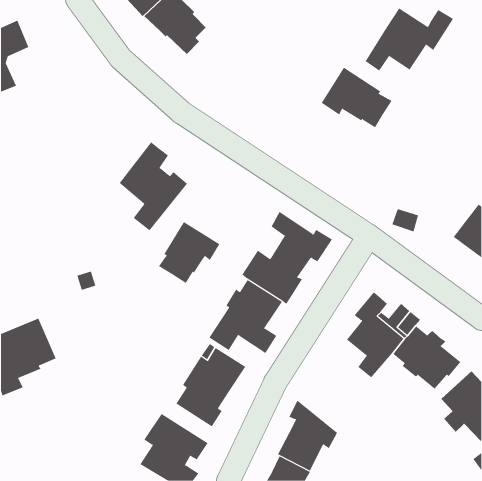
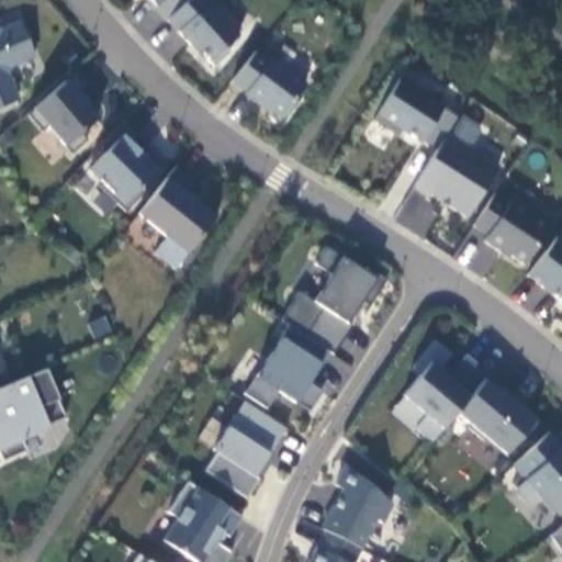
building: [365,8,454,71] -> none
building: none -> [232,50,305,117]
building: none -> [27,70,97,154]
building: none -> [89,120,161,211]
building: none -> [413,133,499,217]
building: none -> [473,193,550,265]
building: [158,221,220,284] -> none

